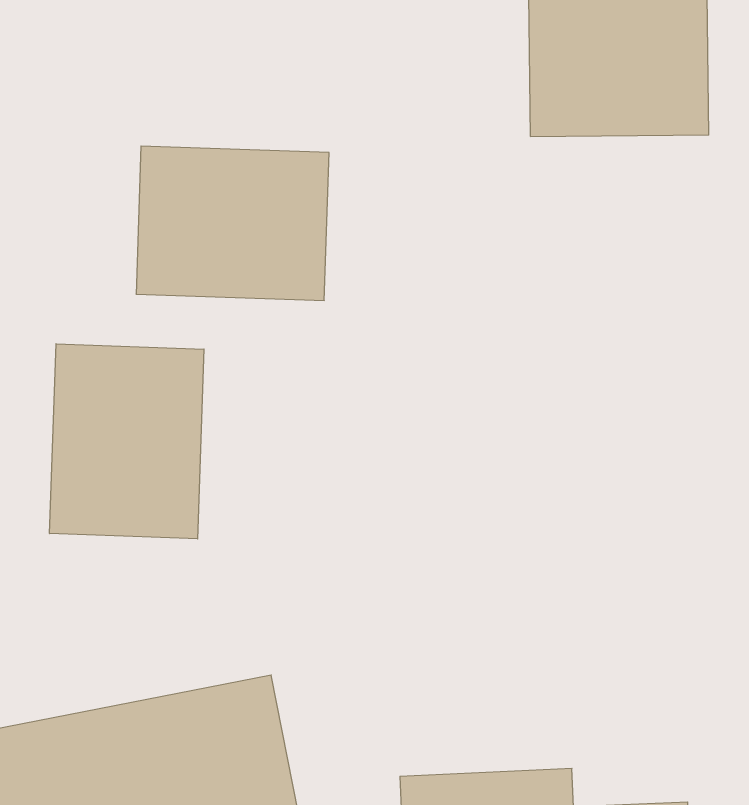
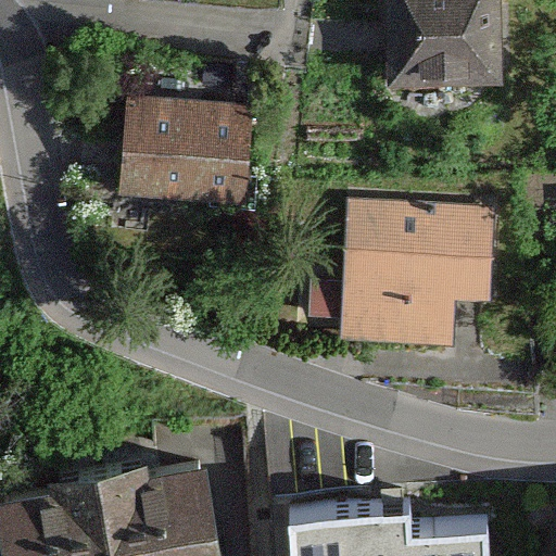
building: none -> [337,202,497,345]
building: [50,344,204,539] -> none

